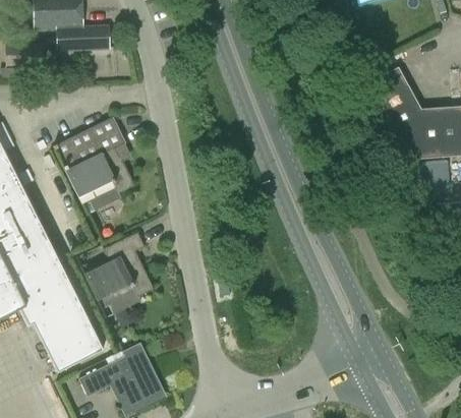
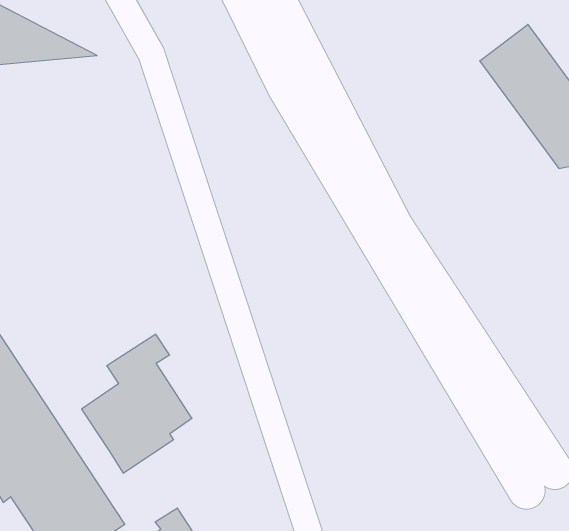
building: [53,117,135,214] -> none

